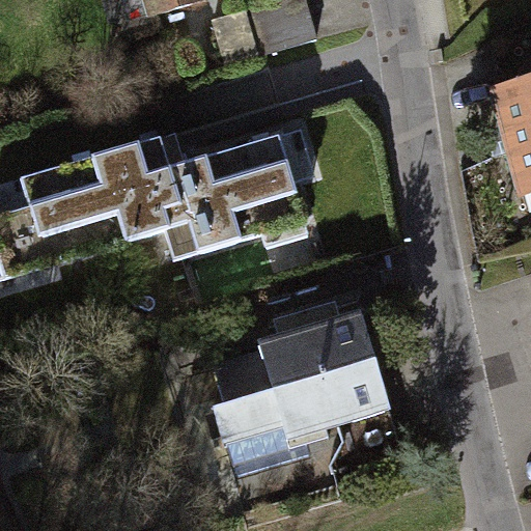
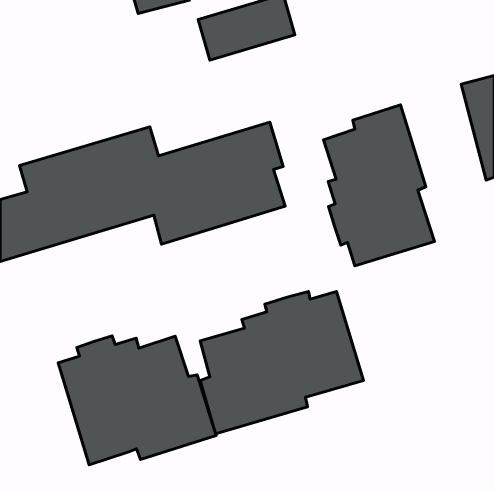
building: none -> [323,105,435,266]
building: none -> [58,336,216,465]

